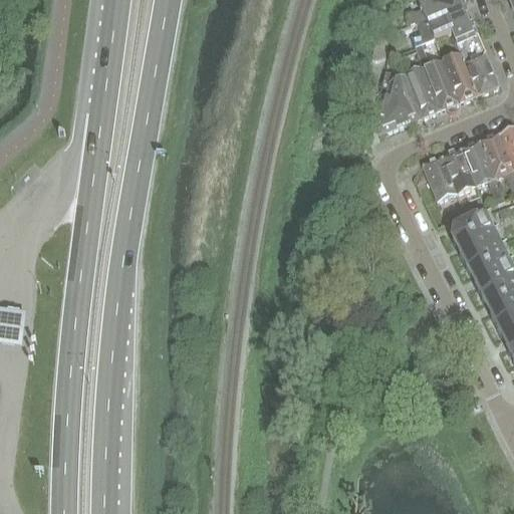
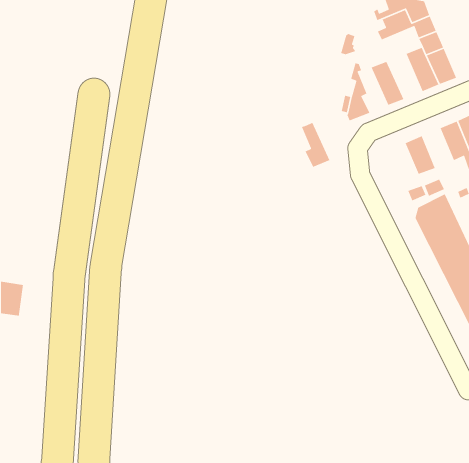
building: [417,45,462,108] -> none
building: [393,73,425,123] -> [301,122,330,168]
building: [462,140,506,202] -> none
building: [422,156,458,200] -> none

